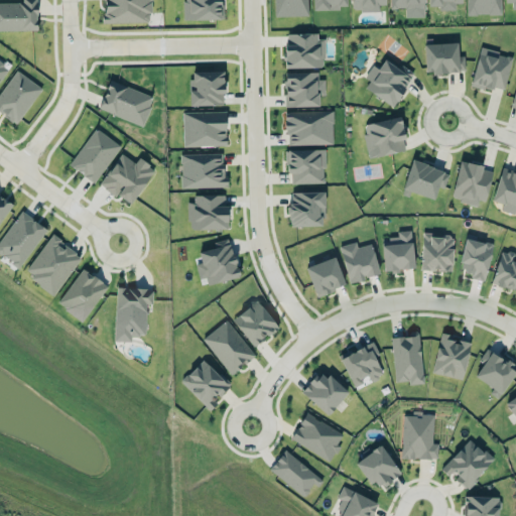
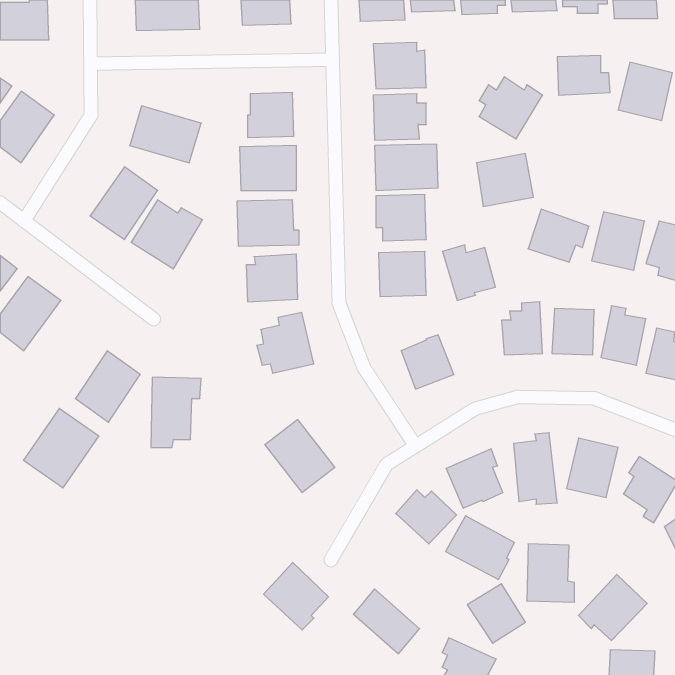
building: [25,235,83,295] -> [23,408,99,488]
building: [340,242,380,284] -> [442,245,495,300]
building: [233,300,279,348] -> none
building: [181,359,231,410] -> [264,562,329,630]
building: [291,413,344,462] -> [446,516,514,579]

